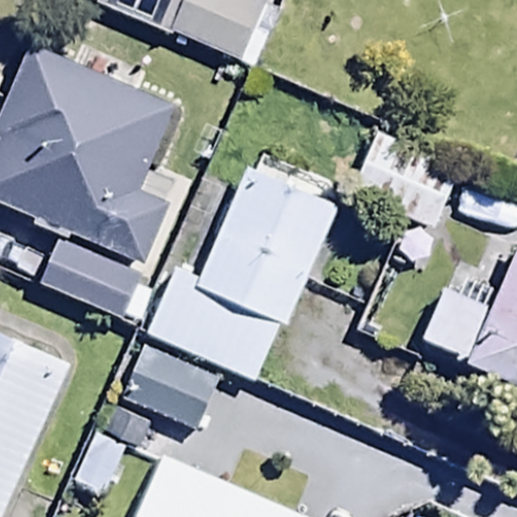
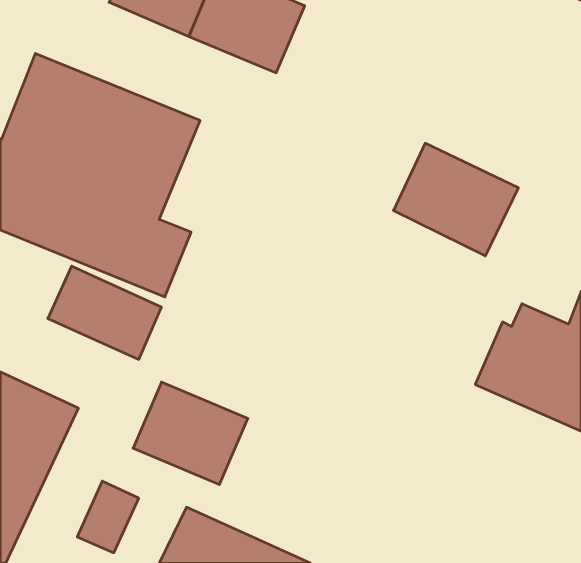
building: [145,169,335,381] -> none

